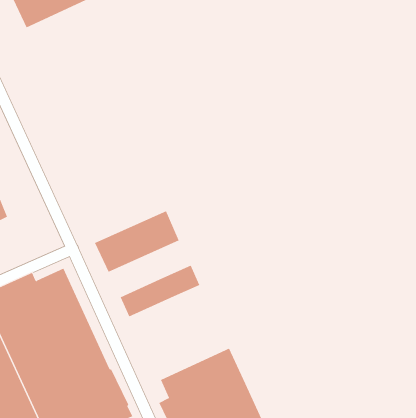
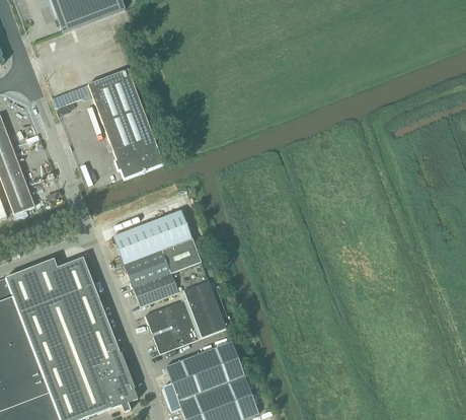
building: none -> [52,69,163,179]
building: none -> [124,238,201,287]
building: none -> [145,281,226,353]

